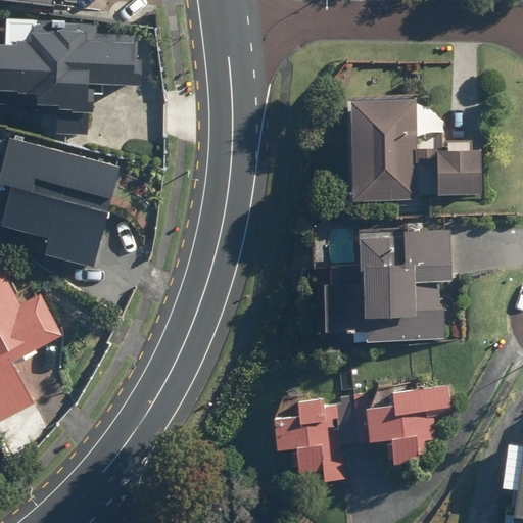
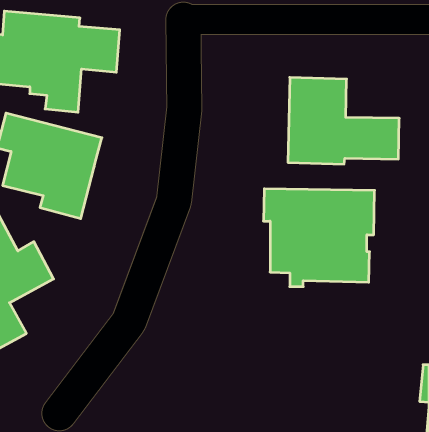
building: [276,388,449,482] -> none

